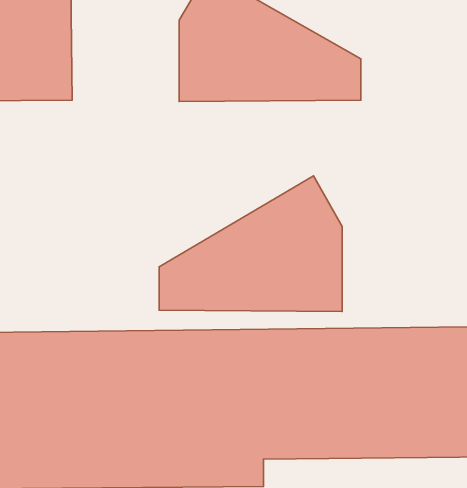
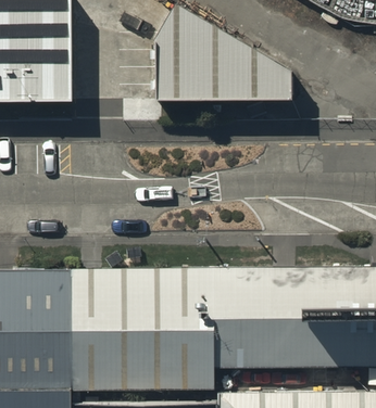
building: [159,176,342,312] -> none

